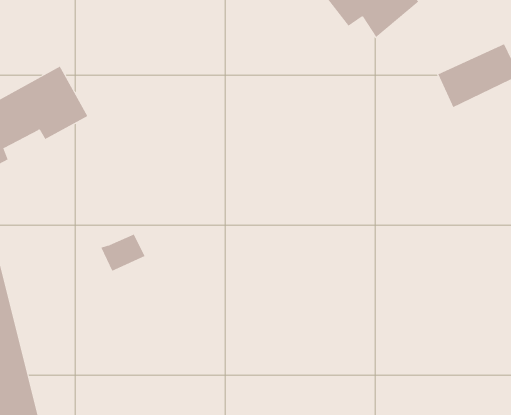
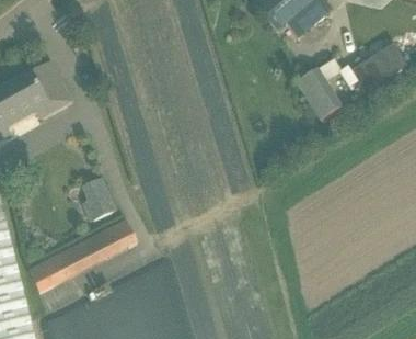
building: none -> [299,60,344,121]
building: none -> [27,217,141,292]

